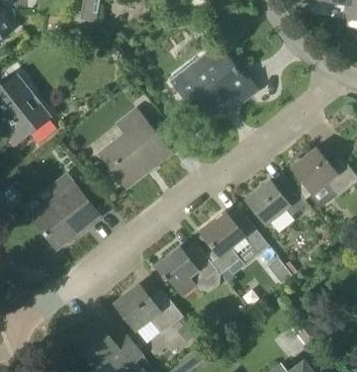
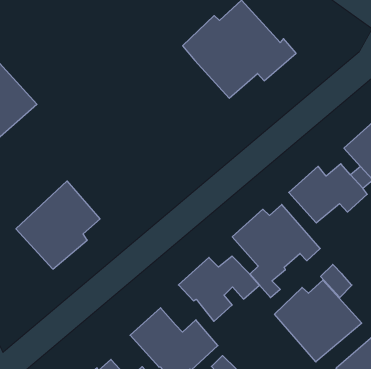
building: [105,109,172,185] -> none
building: none -> [275,280,362,362]

